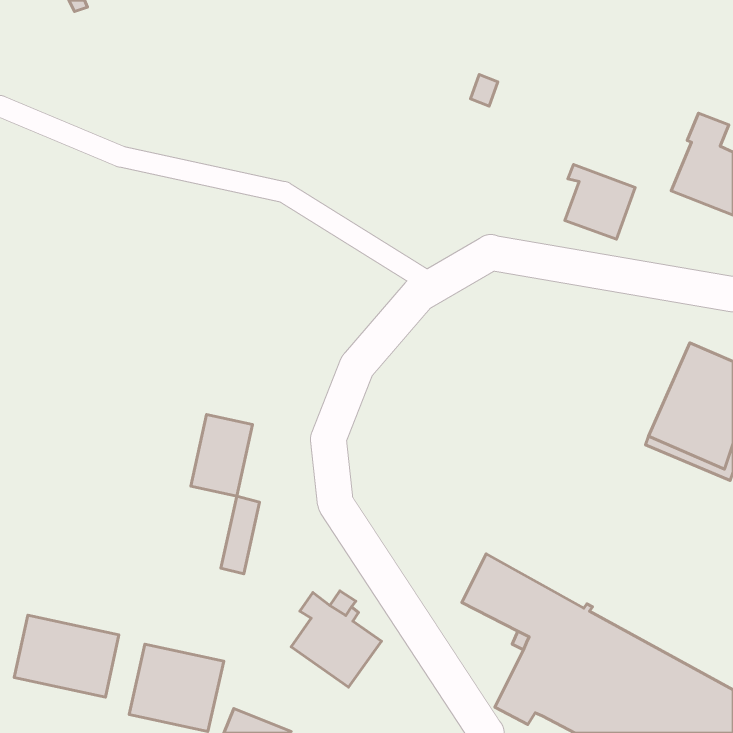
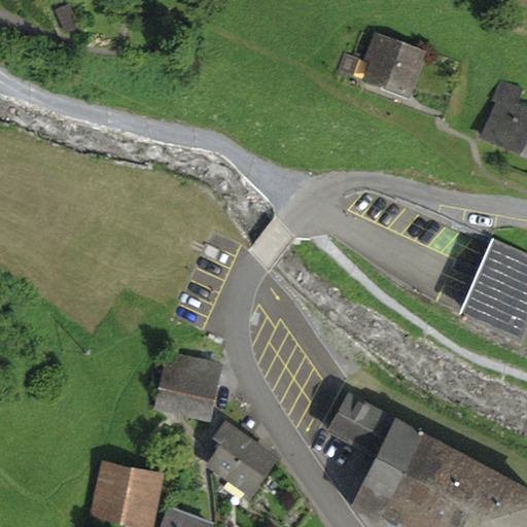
building: [565,164,635,239] -> [370,38,420,92]
building: [191,415,252,496] -> [175,360,219,419]
building: [14,615,119,697] -> none

